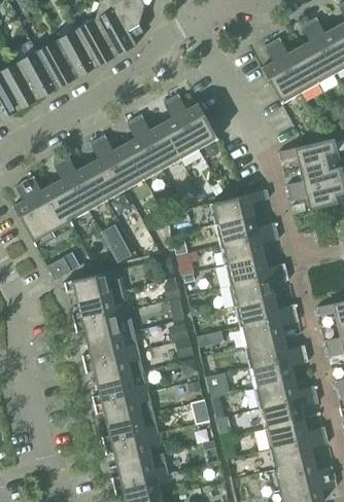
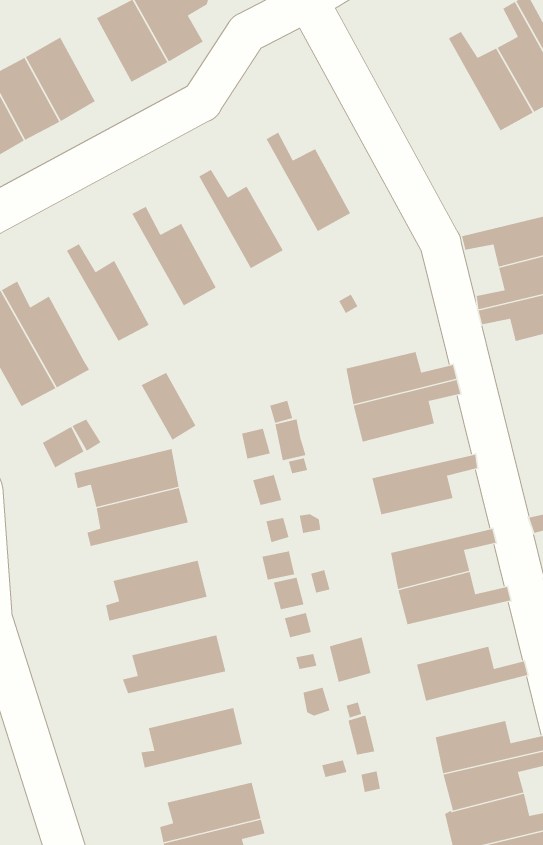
building: [58,31,97,77] -> none
building: [262,42,301,104] -> none
building: [161,98,200,159] -> none
building: [125,118,163,180] -> none
building: [88,139,126,201] -> none
building: [51,159,90,220] -> none
building: [210,189,269,224] -> none
building: [225,255,287,285] -> none
building: [235,296,297,326] -> none
building: [74,310,134,342] -> none
building: [84,351,144,383] -> none
building: [249,353,309,388] -> none
building: [95,392,153,423] -> none
building: [260,394,318,428] -> none
building: [104,432,161,464] -> none

